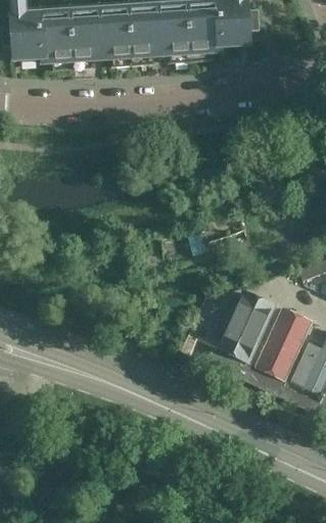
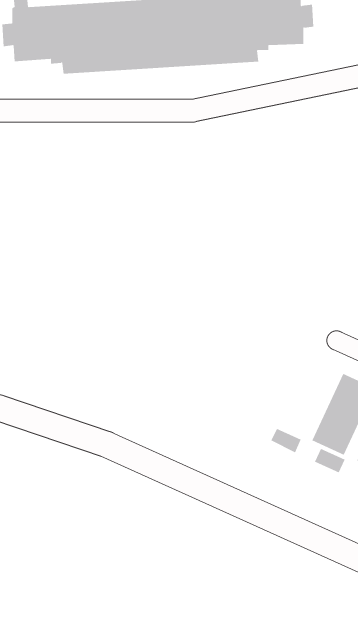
building: [222,297,268,359] -> none

